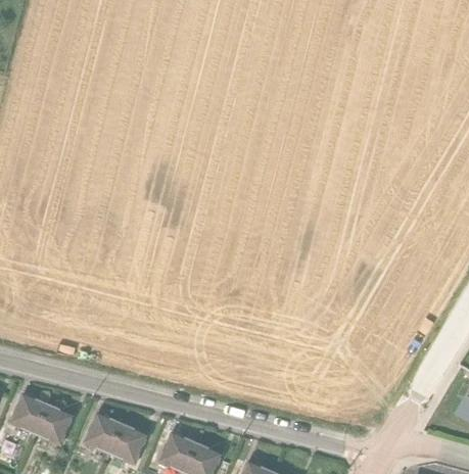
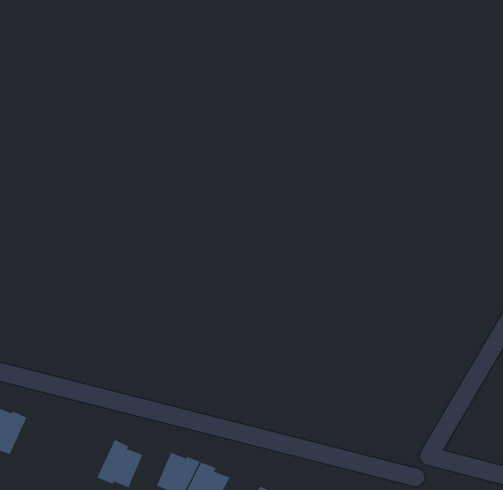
building: [35,405,74,446] -> none
building: [85,415,124,456] -> none

